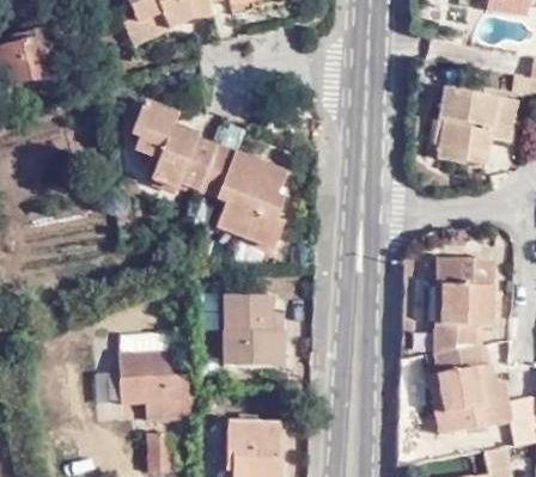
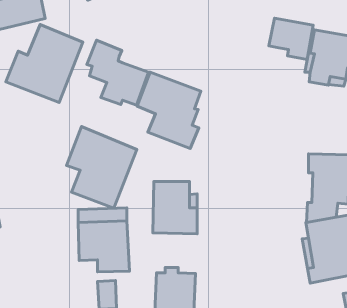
building: none -> [269,18,313,60]
building: none -> [6,25,83,103]
building: none -> [67,127,137,208]

